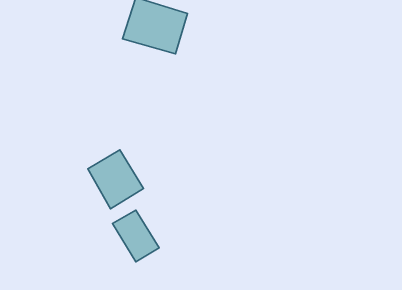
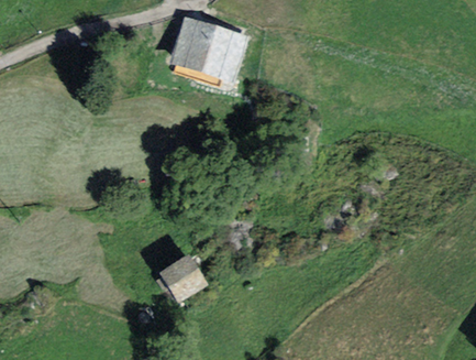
building: [88,150,143,209] -> none

